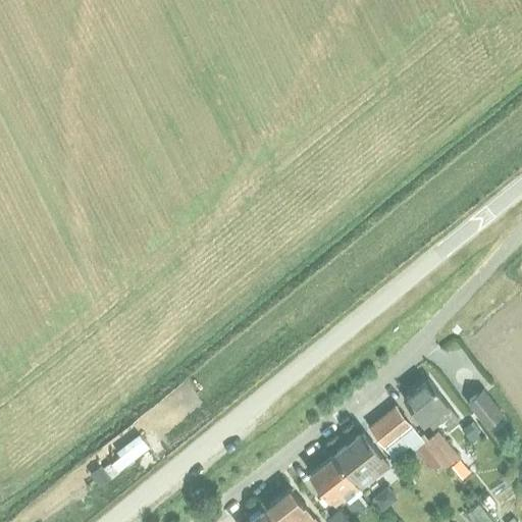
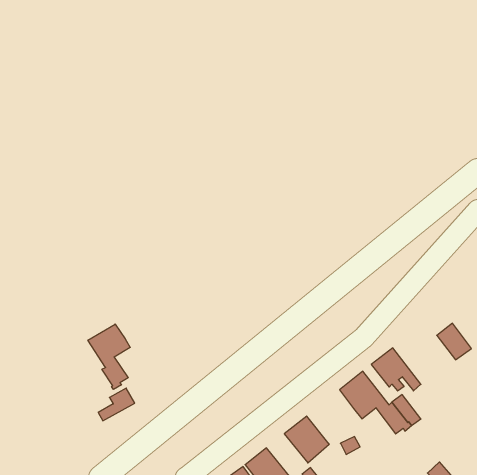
building: none -> [88,324,130,389]
building: [466,392,504,431] -> [437,323,471,360]
building: [335,434,390,487] -> none

